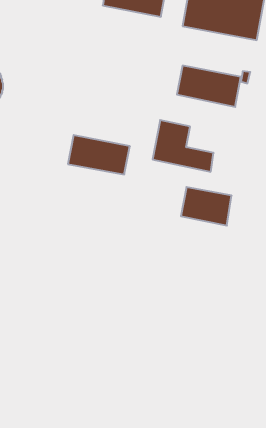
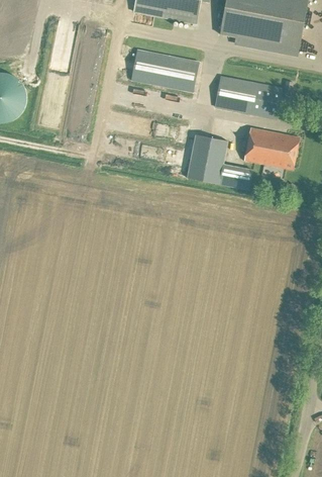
building: [68,135,130,174] -> [131,49,198,91]
building: [181,187,232,226] -> [243,127,298,169]

